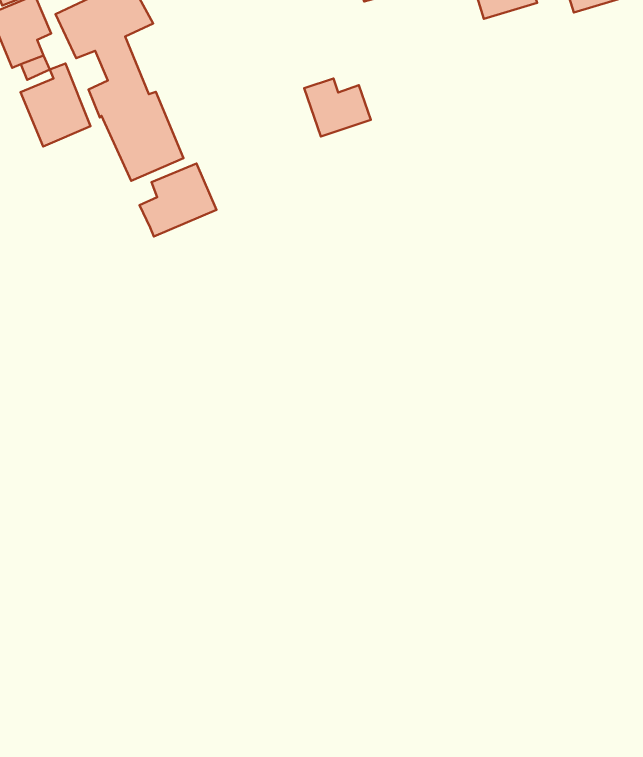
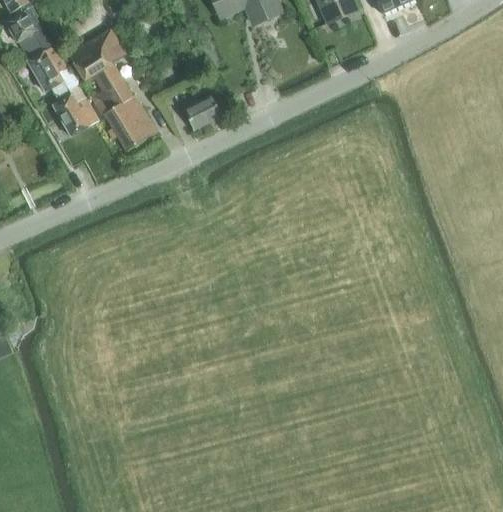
building: [304,79,371,136] -> [178,93,221,129]
building: [139,163,216,237] -> none

